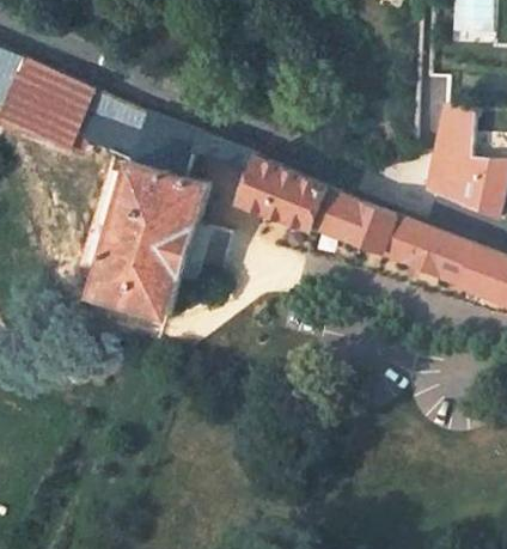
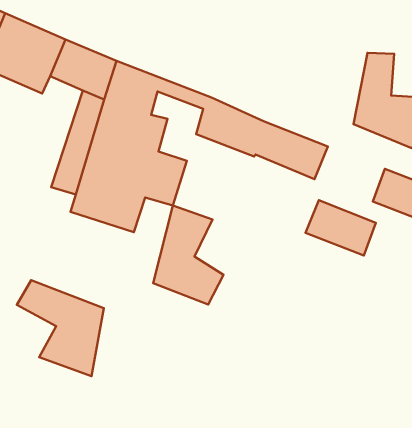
building: [381,215,464,280] -> [306,200,376,255]
building: none -> [153,206,223,304]
building: none -> [17,280,104,376]

